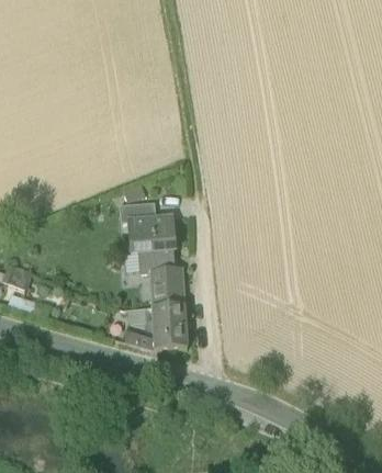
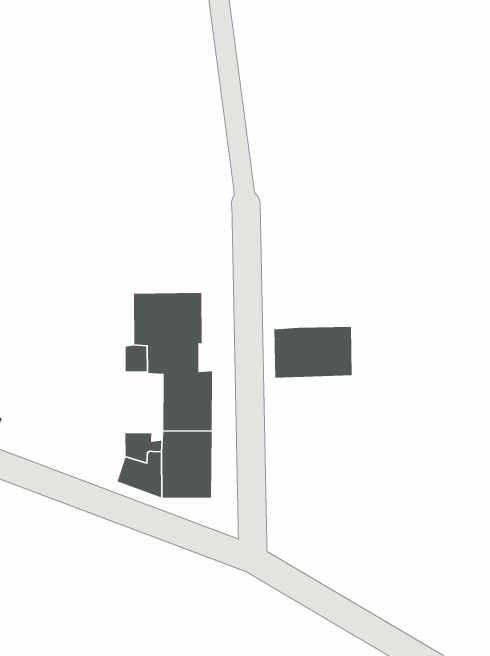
building: [120,204,156,225] -> none
building: none -> [274,326,353,379]

